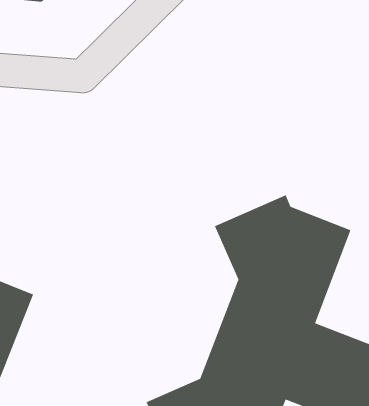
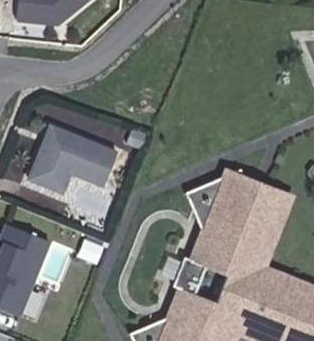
building: none -> [28,128,116,208]

